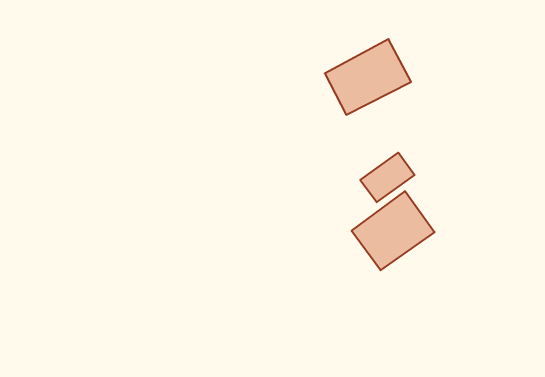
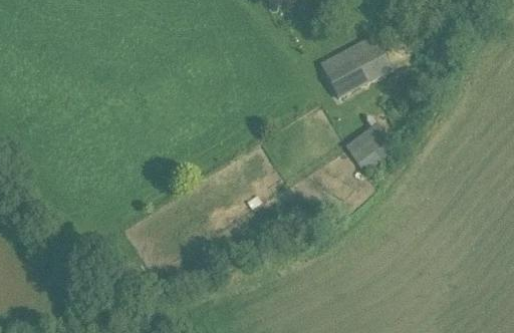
building: [352,191,435,270] -> none

